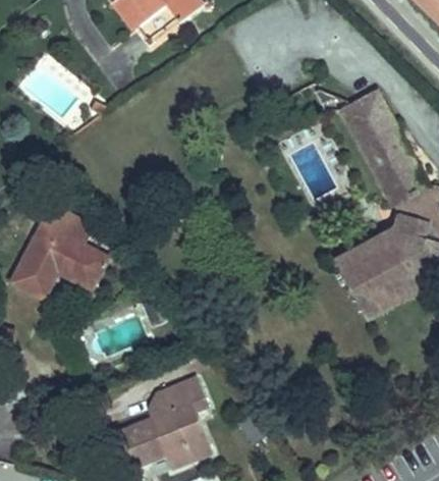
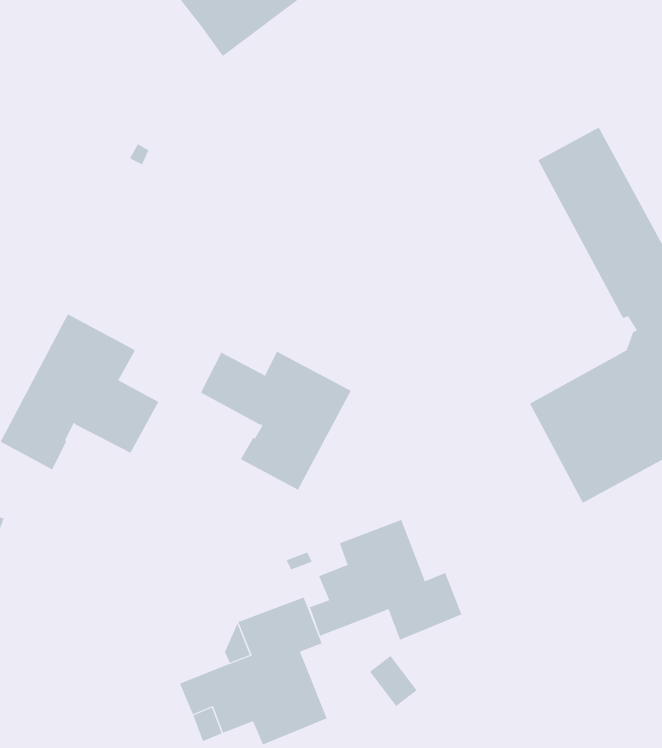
building: none -> [200,351,351,490]
building: none -> [309,519,462,640]

